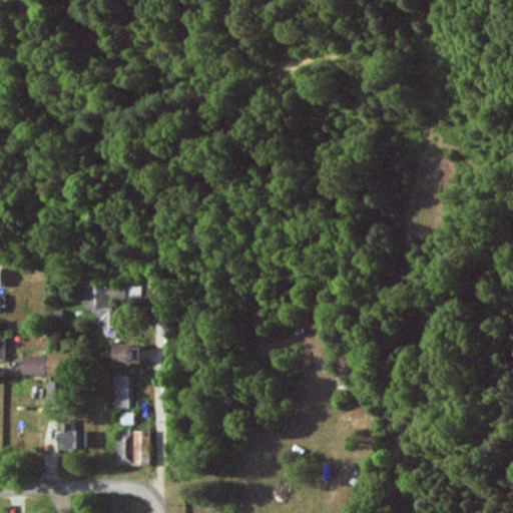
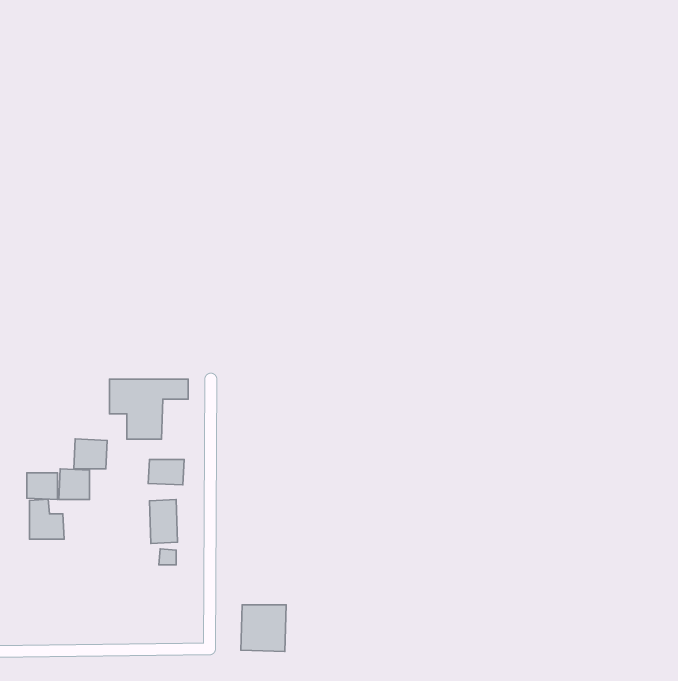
building: none -> [74,439,107,469]
building: [57,419,83,449] -> [29,499,64,539]
building: [115,431,149,466] -> [241,605,286,651]

